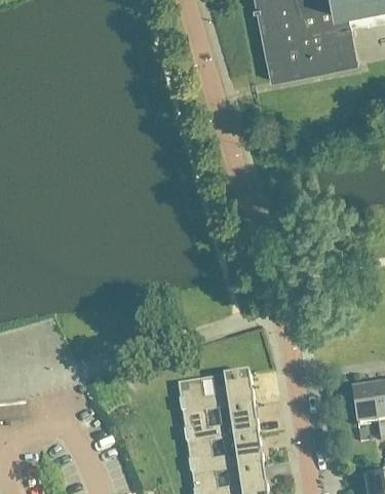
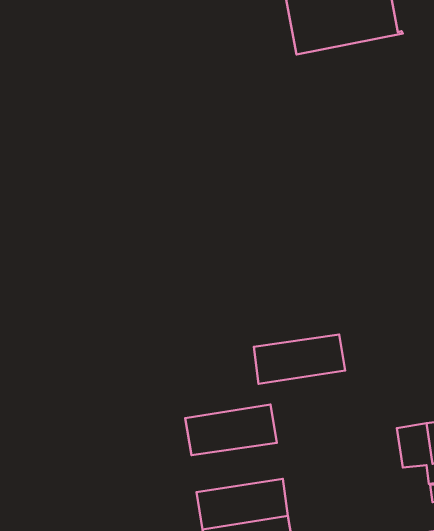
building: [182,403,258,444] -> [254,335,345,384]

